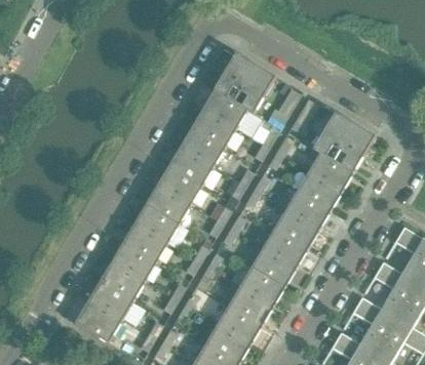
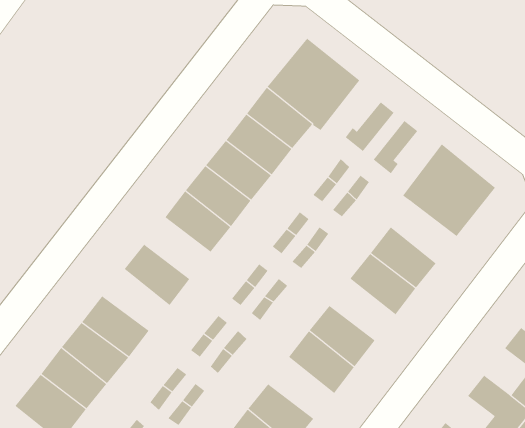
building: [307,153,352,192] -> none
building: [145,185,190,224] -> none
building: [273,209,318,248] -> none
building: [121,222,167,261] -> none
building: [239,267,284,306] -> none

